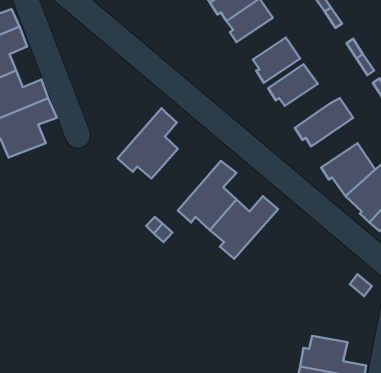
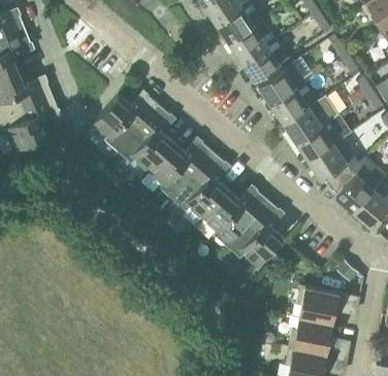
building: none -> [228,20,274,59]
building: none -> [273,81,316,123]
building: none -> [94,92,158,151]
building: none -> [298,112,351,160]
building: none -> [149,139,214,200]
building: none -> [226,199,283,266]
building: none -> [296,284,359,323]

